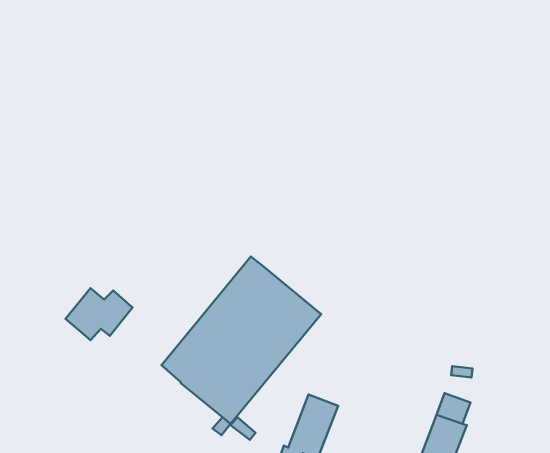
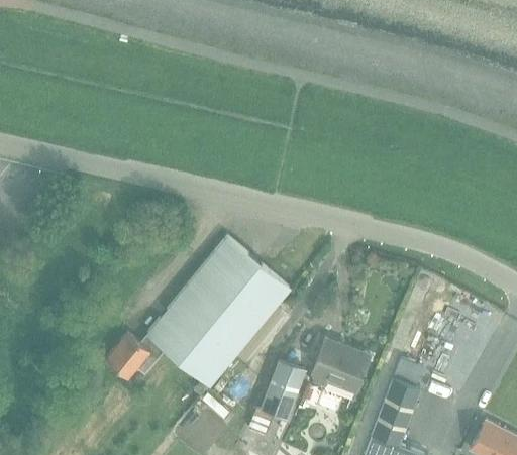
building: [66,288,132,340] -> [105,333,165,379]
building: none -> [309,339,369,392]

